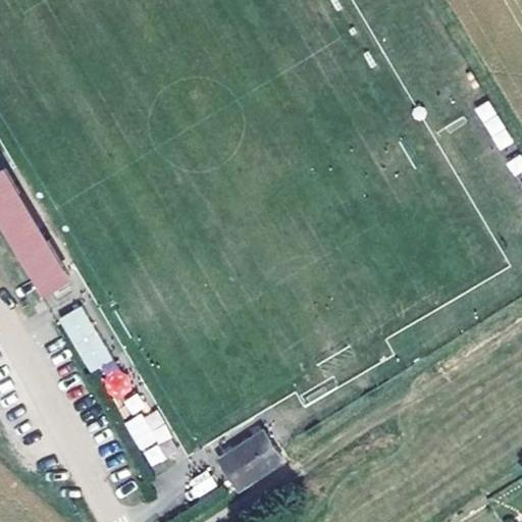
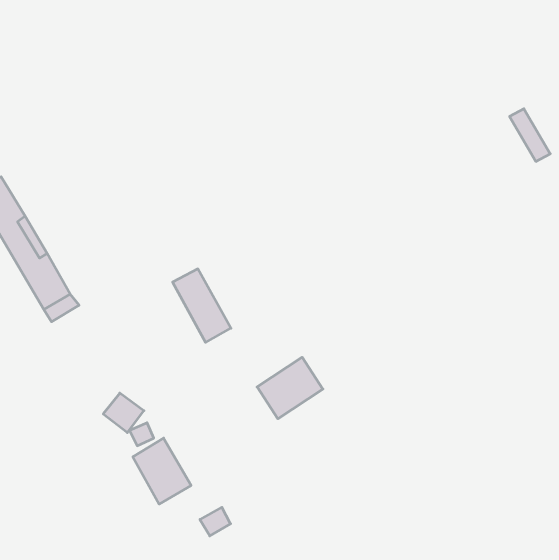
building: [56,306,110,374] -> [173,269,231,342]
building: [220,431,281,488] -> [257,357,323,419]

